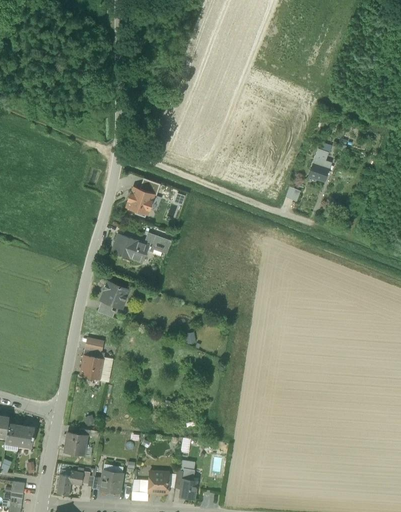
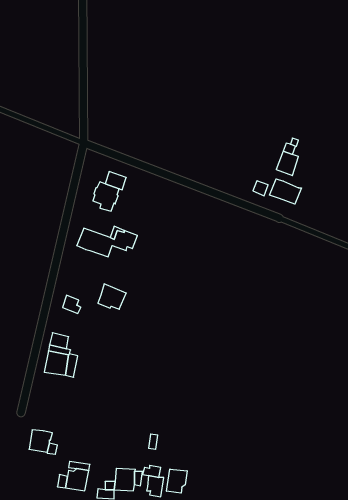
building: none -> [270,179,301,204]
building: [101,281,129,306] -> [98,284,126,309]
building: [56,471,83,495] -> none
building: none -> [167,469,187,493]

